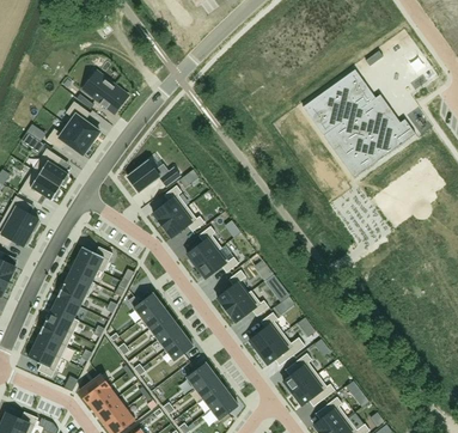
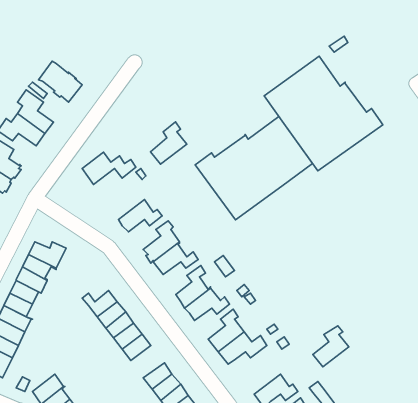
building: none -> [195,117,312,220]
building: [152,184,187,225] -> [151,122,187,164]
building: [282,353,317,392] -> [313,326,349,367]

